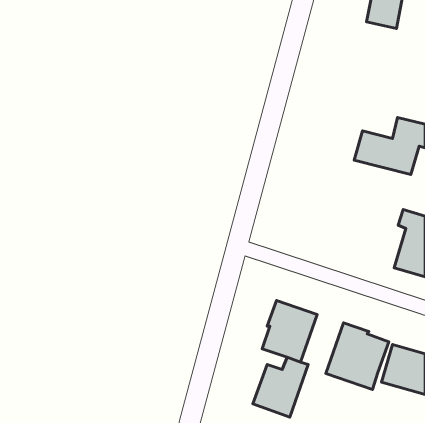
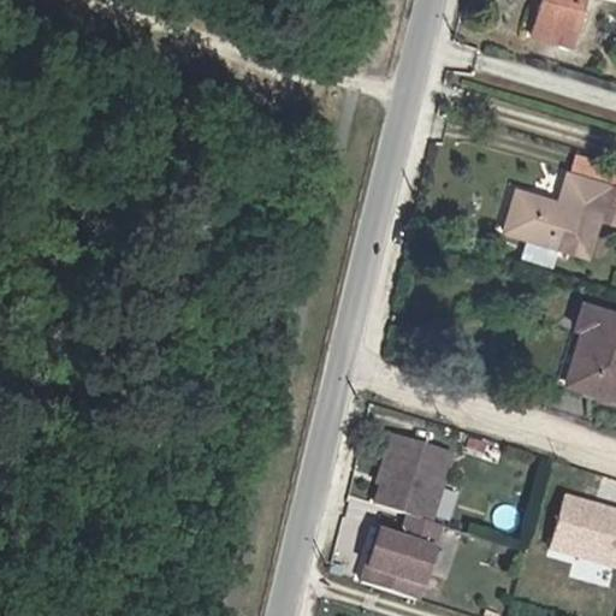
building: [326,323,389,389] -> none

